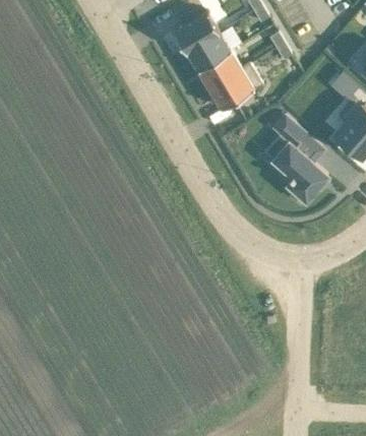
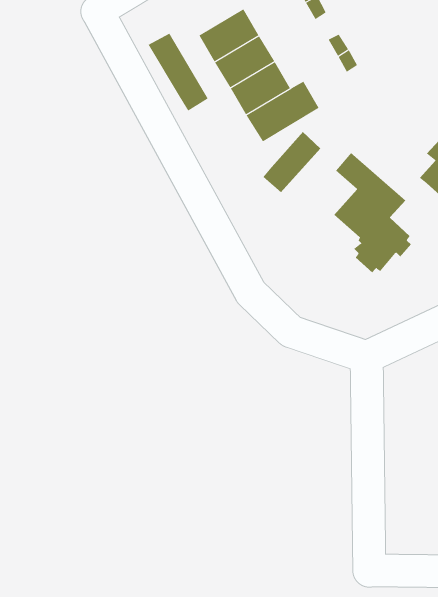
building: none -> [148,33,208,111]
building: none -> [263,131,321,193]

